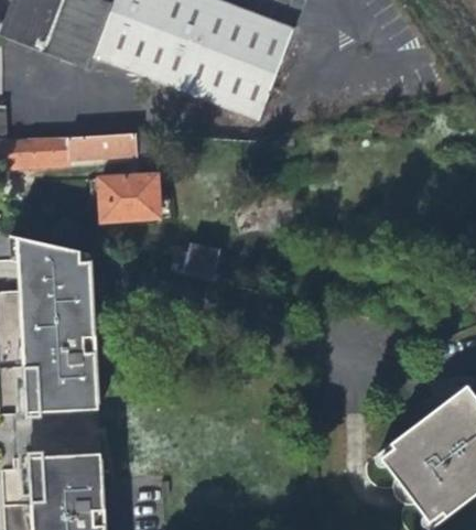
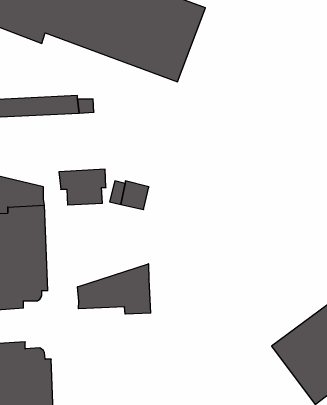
building: [99,176,159,221] -> [59,169,106,205]
building: none -> [78,264,151,314]

